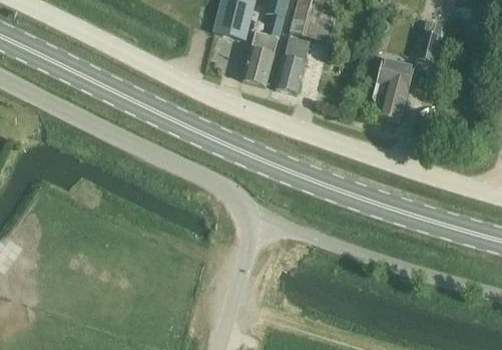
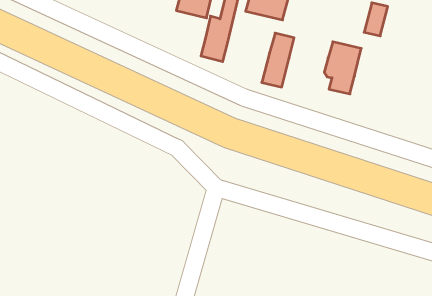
building: [276,34,310,91] -> [262,33,294,87]

